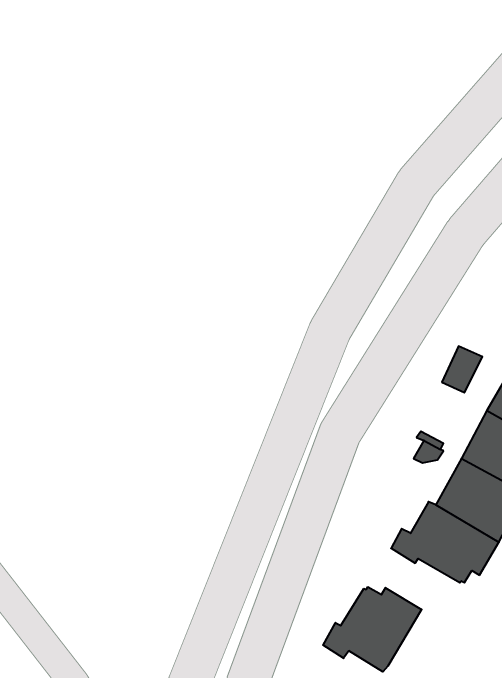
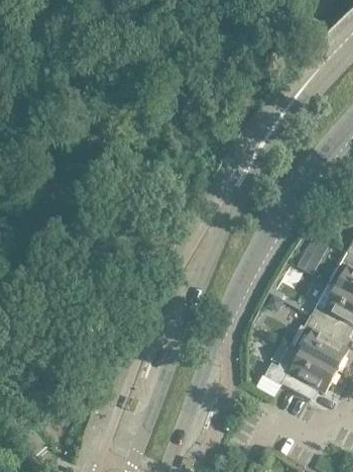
building: [323,587,422,672] -> none

